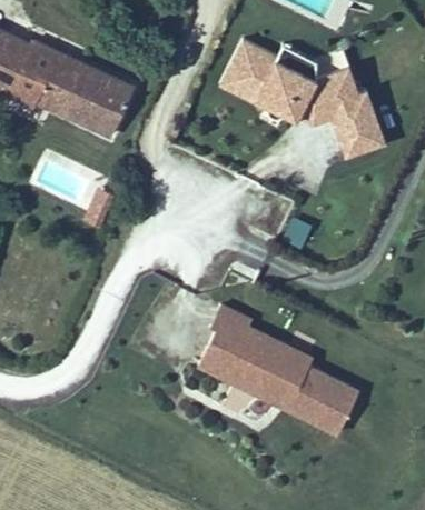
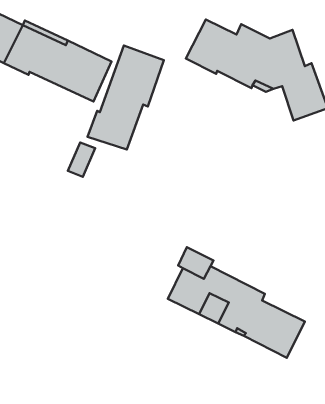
building: none -> [88,45,164,150]

